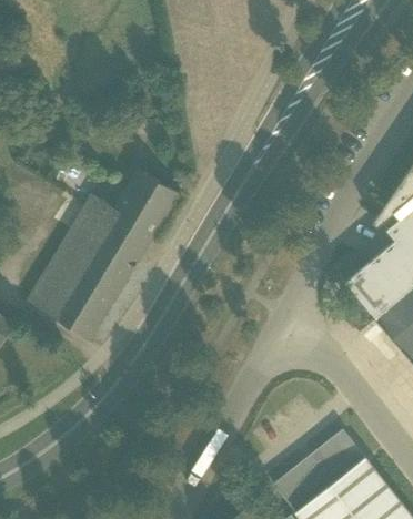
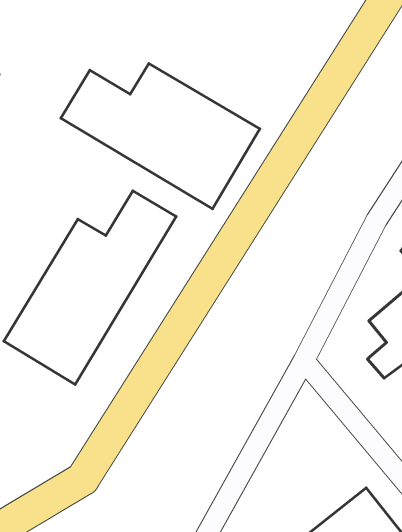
building: none -> [61,63,260,209]

